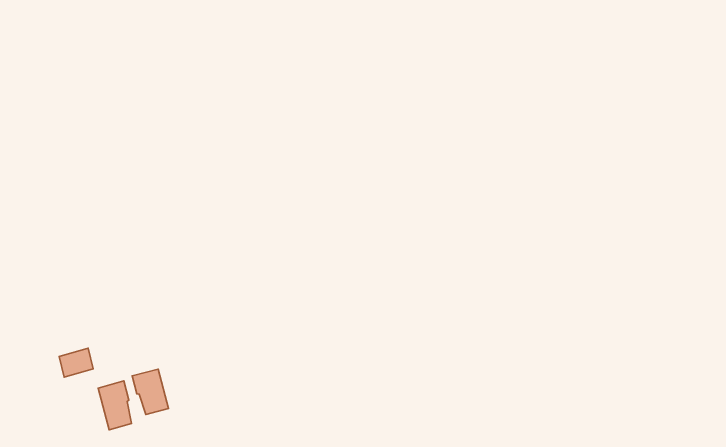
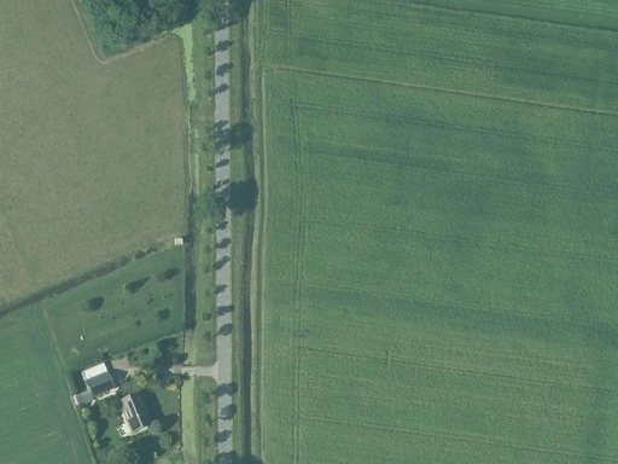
building: [132,369,169,414] -> none

